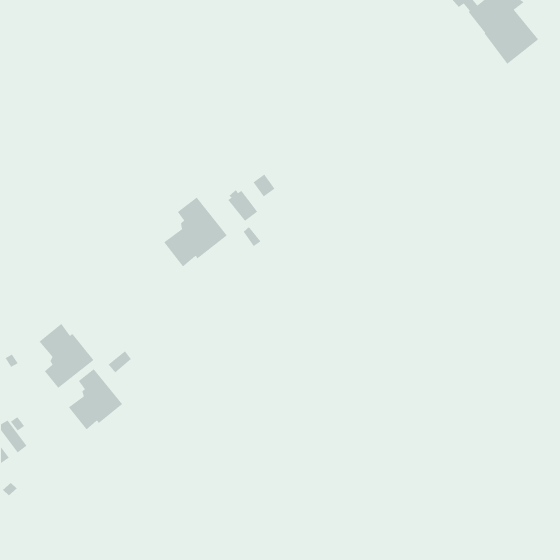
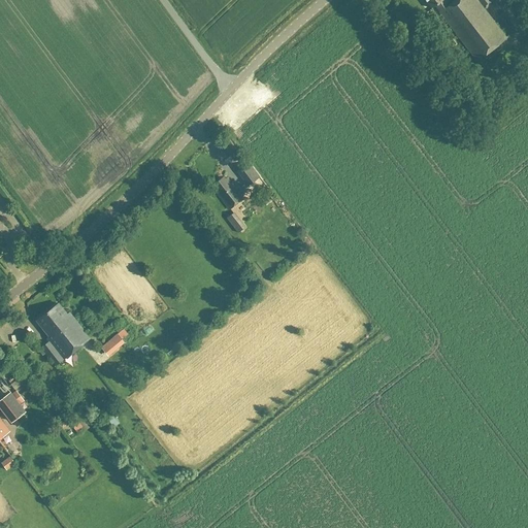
building: [163,196,228,268] -> none
building: [68,368,123,431] -> none

